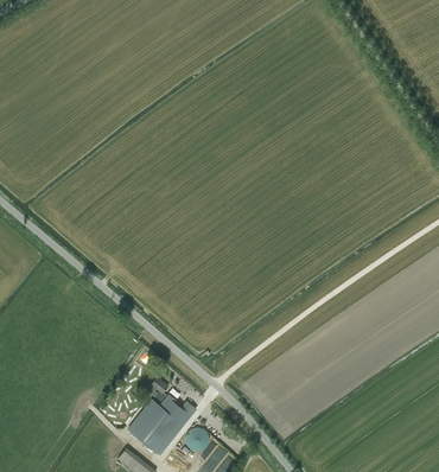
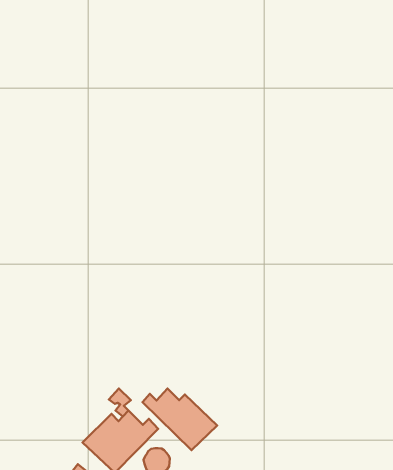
building: none -> [143,389,217,450]

